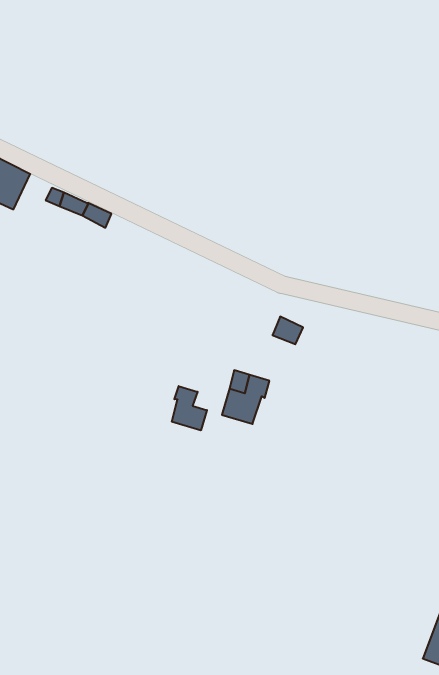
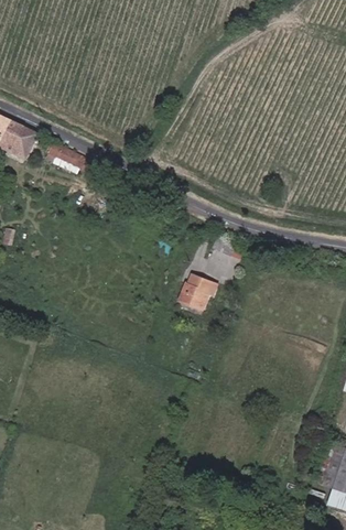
building: [172,386,207,430] -> none

